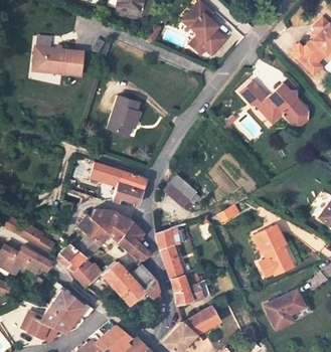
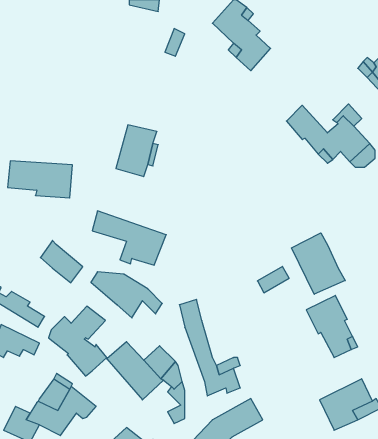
building: [34,48,84,76] -> [8,161,72,198]
building: [165,174,199,210] -> none
building: none -> [291,233,345,294]
building: [77,213,110,245] -> [40,240,83,283]
building: [121,230,149,259] -> none

